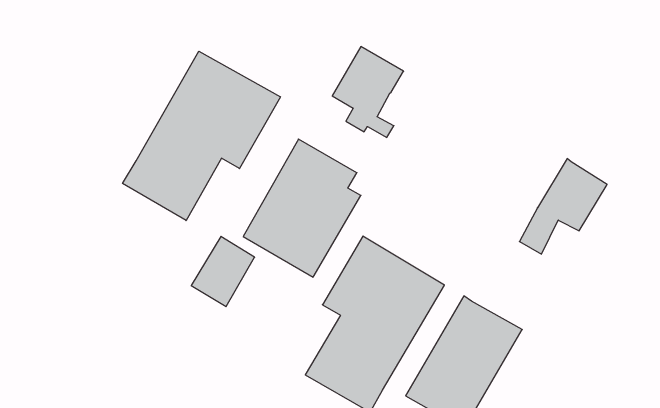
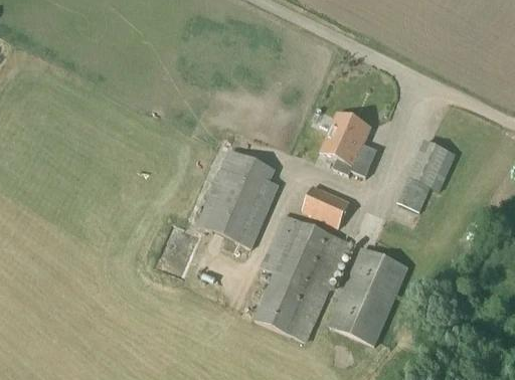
building: [332,47,404,137] -> [321,113,370,176]
building: [123,51,280,221] -> none
building: none -> [302,184,349,227]

